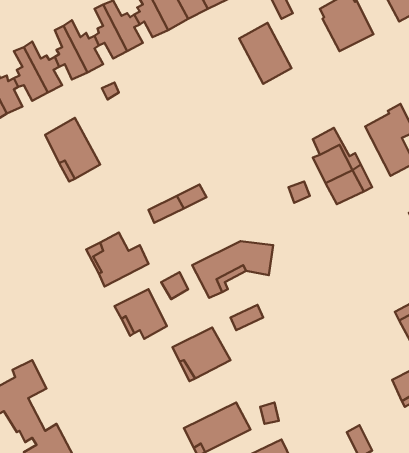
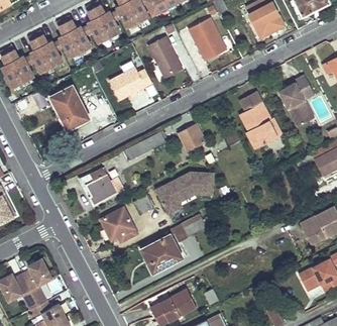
building: none -> [147,37,182,79]
building: none -> [109,68,152,100]
building: none -> [179,124,206,152]

